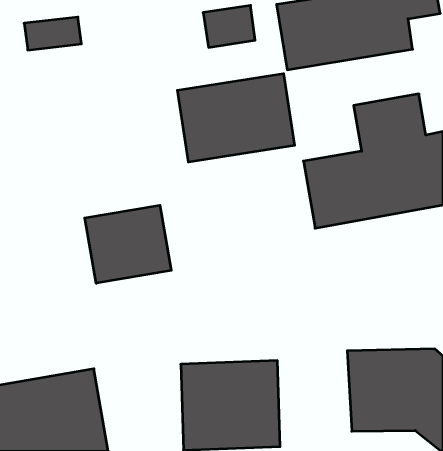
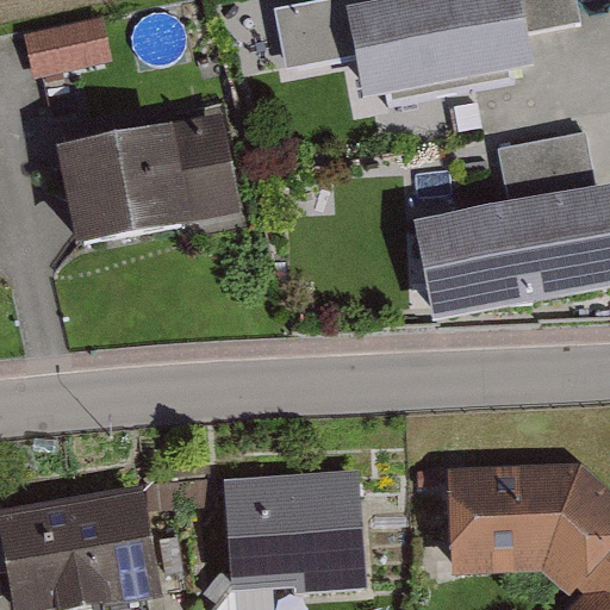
building: [177,74,295,162] -> none
building: none -> [82,117,247,241]
building: [85,205,171,283] -> none

